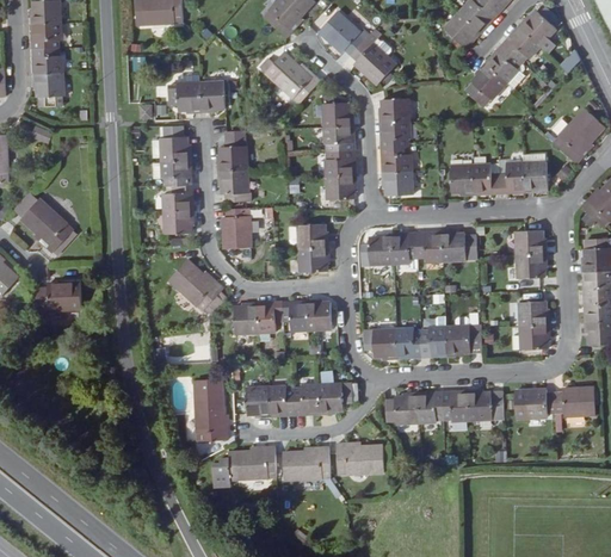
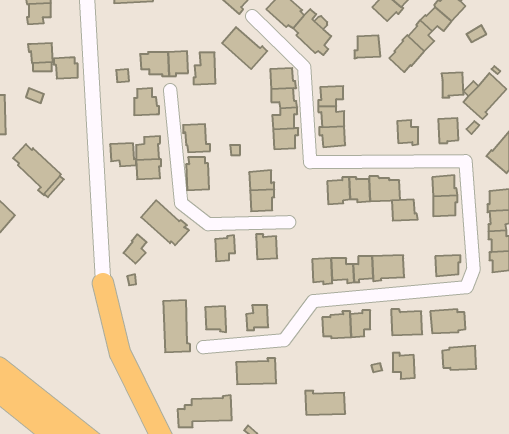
building: [33,48,62,73] -> [54,58,78,79]
building: [378,98,409,125] -> [354,35,380,58]
building: [218,131,245,169] -> [194,52,216,84]
building: [160,156,191,184] -> [110,143,136,166]
building: [498,162,524,192] -> [441,73,464,98]
building: [450,165,475,194] -> none
building: [368,233,391,265] -> none
building: [33,281,81,310] -> none
building: none -> [123,234,147,264]
building: [279,301,307,330] -> none
building: [518,301,549,326] -> [392,200,418,221]
building: [233,302,258,333] -> none
building: [319,382,352,413] -> none
building: [269,385,295,414] -> none
building: [554,386,594,415] -> [442,346,476,370]
building: [442,390,468,421] -> [393,353,415,379]
building: [335,444,383,472] -> [305,391,345,415]
building: [211,446,276,484] -> [178,395,232,427]

